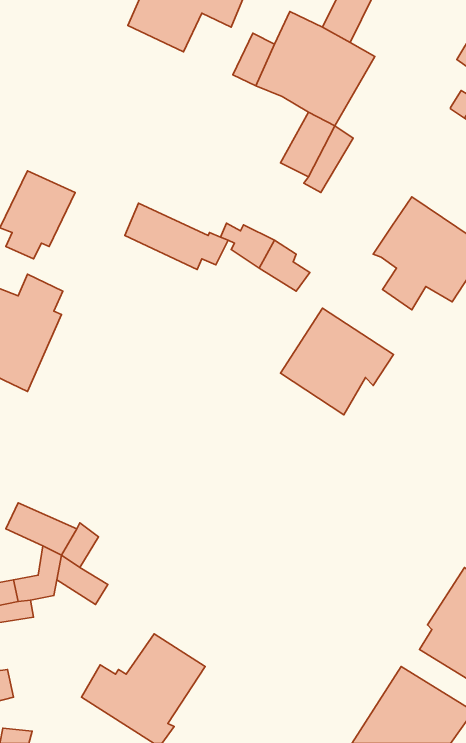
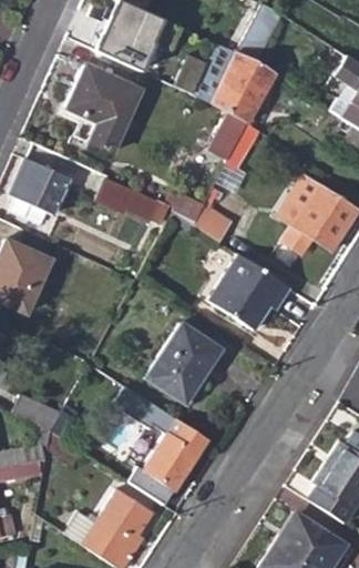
building: none -> [65,63,143,154]
building: none -> [145,322,222,402]
building: none -> [114,384,207,504]

